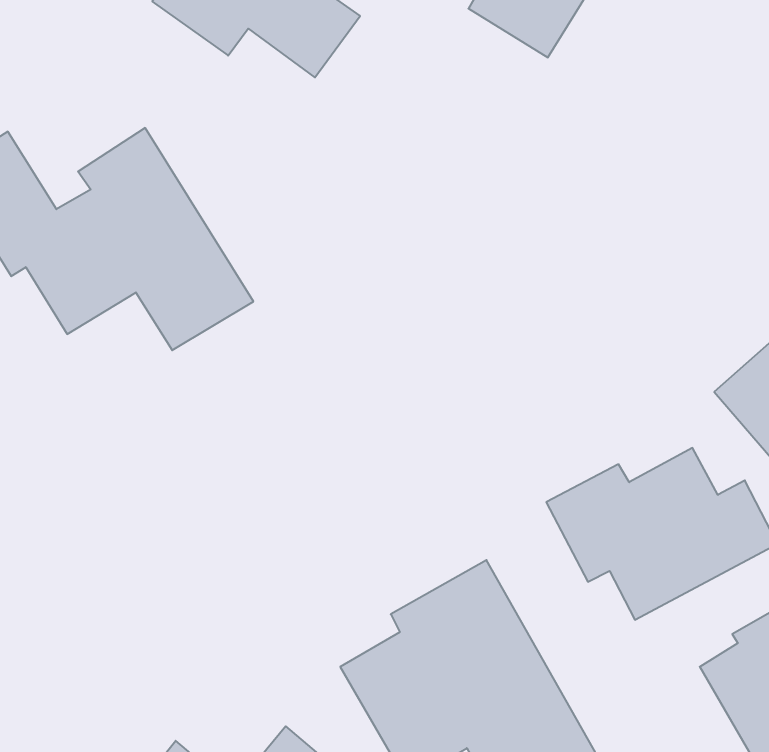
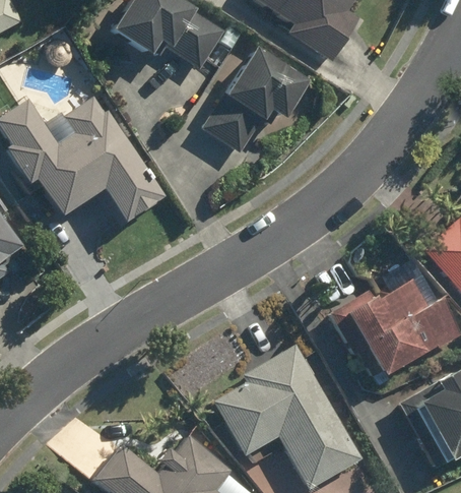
building: none -> [200,44,310,153]

